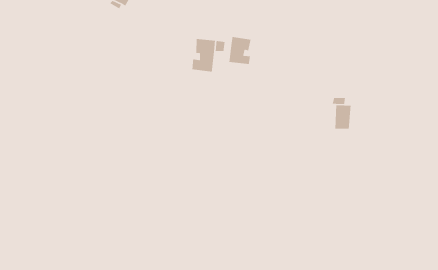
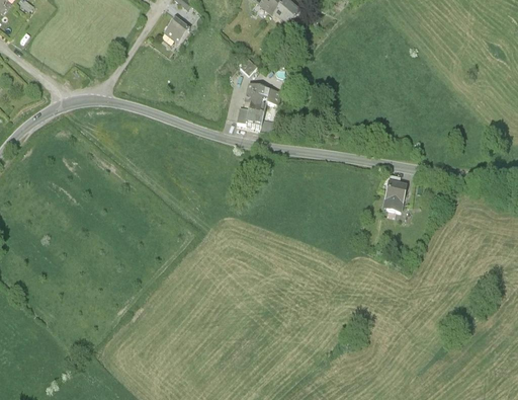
building: [229,36,252,65] -> none

